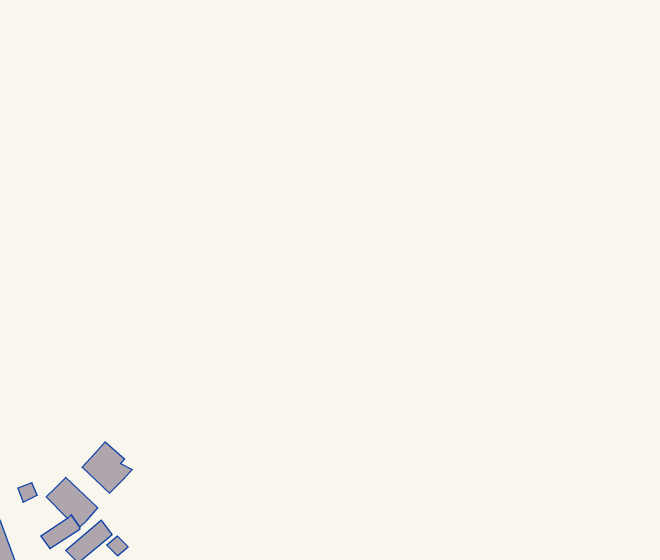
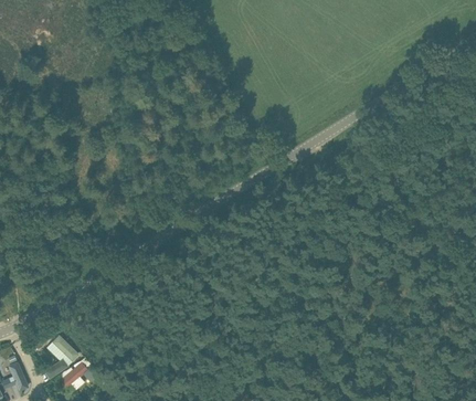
building: [82,442,132,493] -> none

